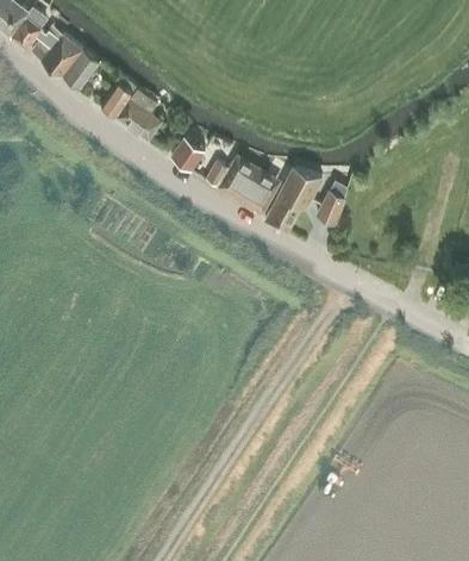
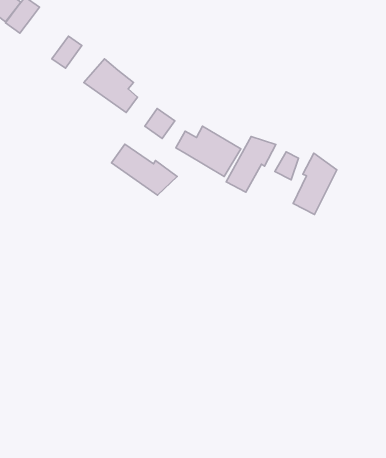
building: [30,23,81,73] -> none
building: none -> [111,144,177,195]
building: none -> [293,153,337,214]

